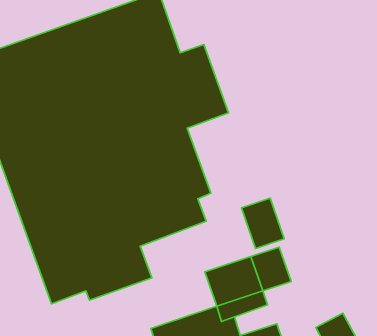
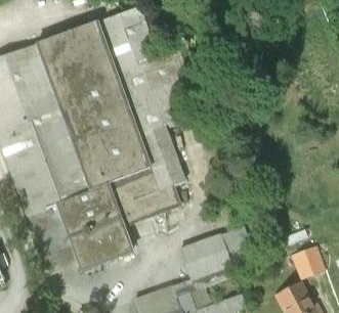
building: [241,198,284,248] -> none
building: none -> [291,247,325,278]

